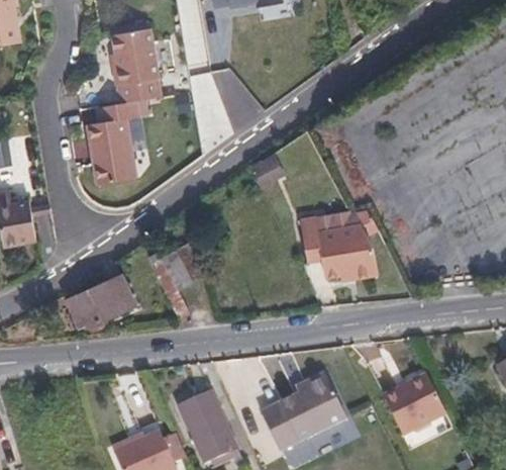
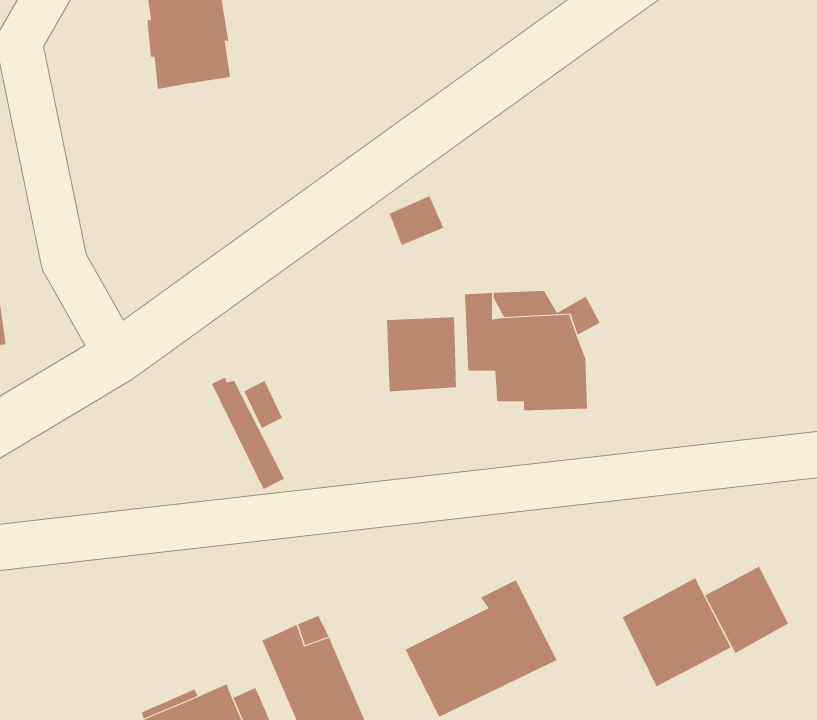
building: [87,95,139,180] -> none
building: none -> [386,316,456,392]
building: [76,277,137,327] -> none
building: none -> [704,566,789,654]

